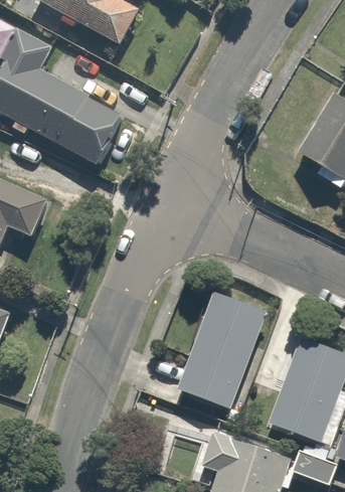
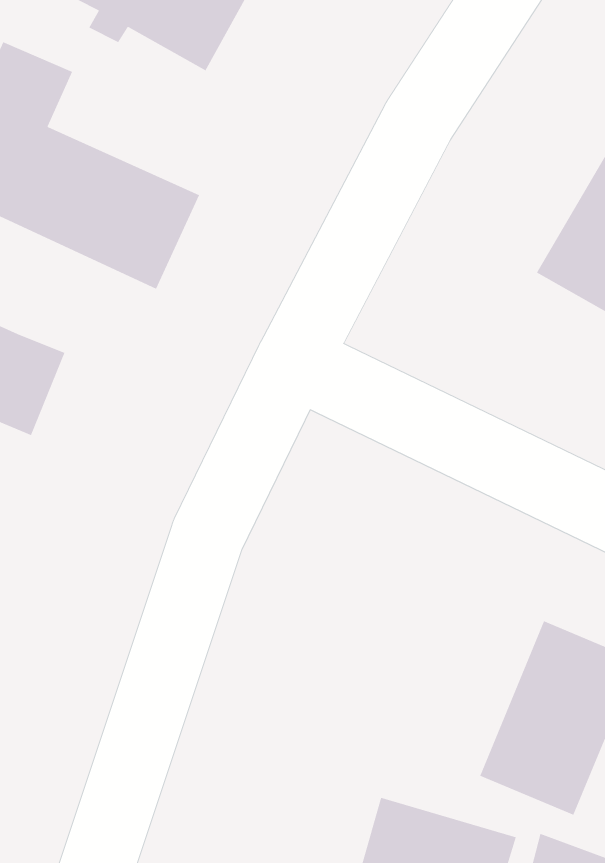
building: [176,293,264,405] -> none

